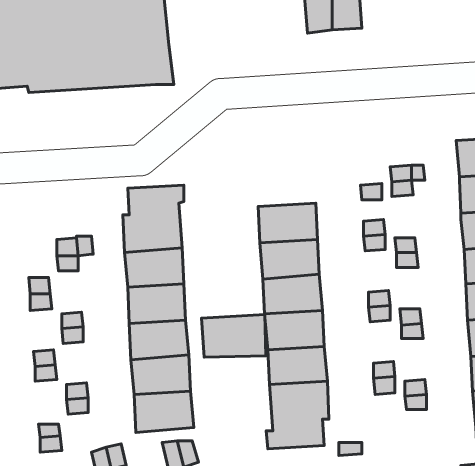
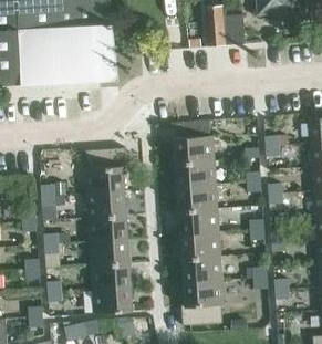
building: none -> [174,136,214,163]
building: [202,314,266,357] -> none

